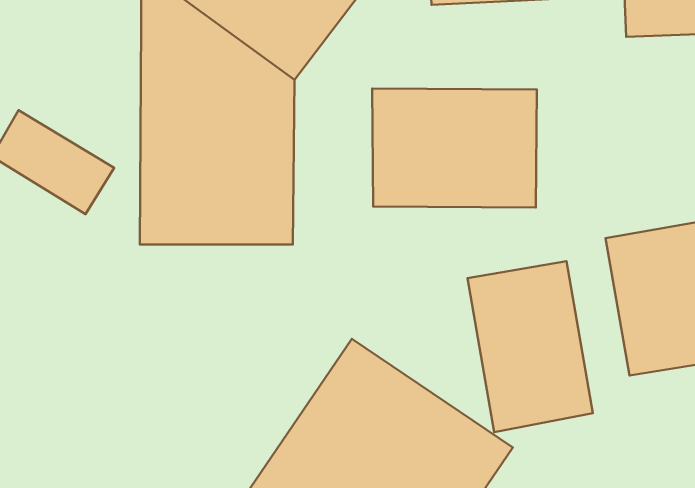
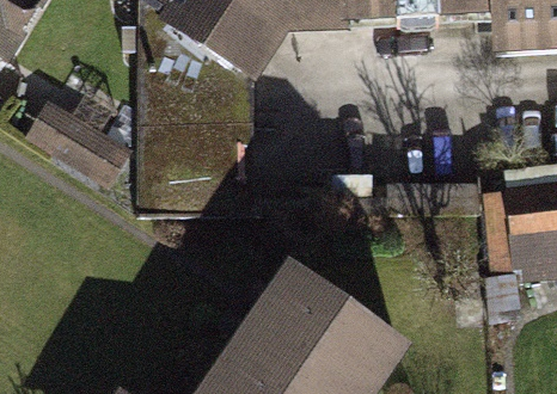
building: [372,89,537,208] -> none
building: [468,261,593,432] -> none

